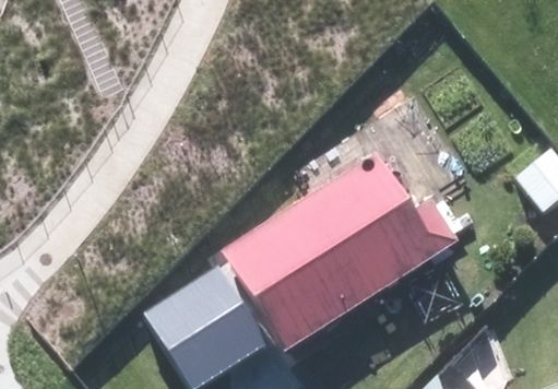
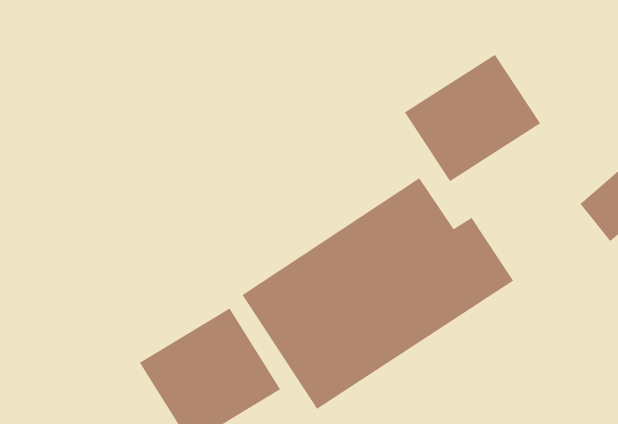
building: none -> [404,54,541,182]

